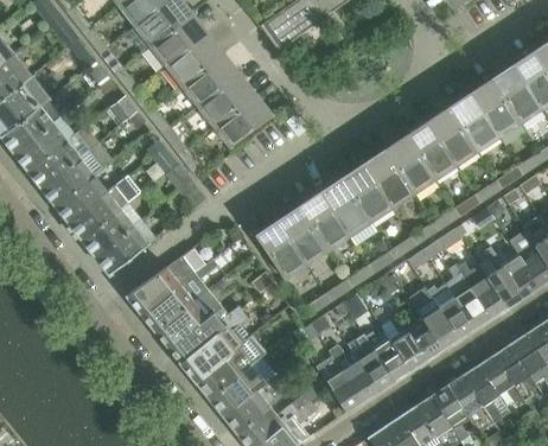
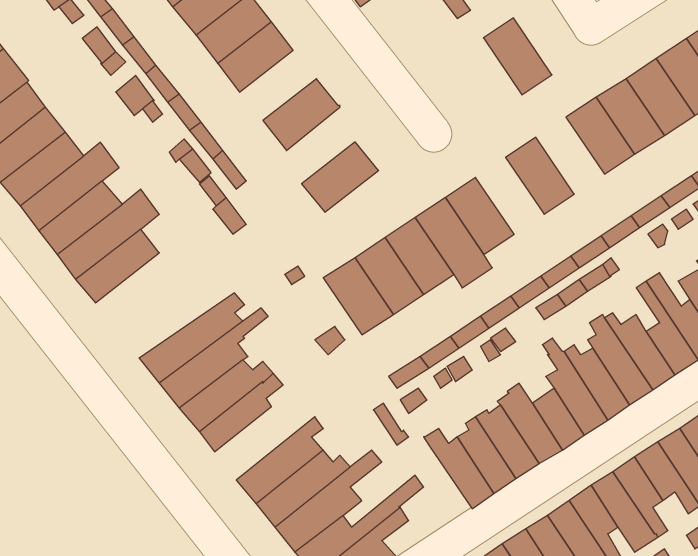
building: [197,76,251,126] -> [302,142,379,212]
building: [407,123,455,178] -> [483,18,552,95]
building: [364,152,413,206] -> none
building: [95,219,154,273] -> none
building: [179,305,250,381] -> none
building: [316,356,362,412] -> none

